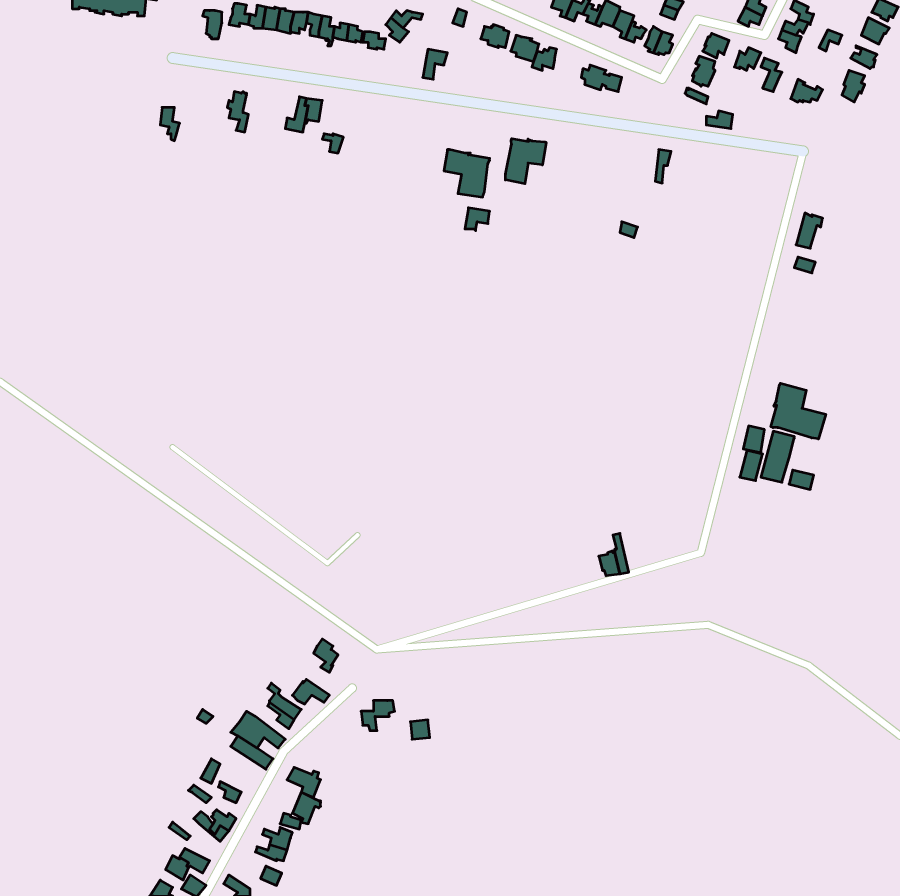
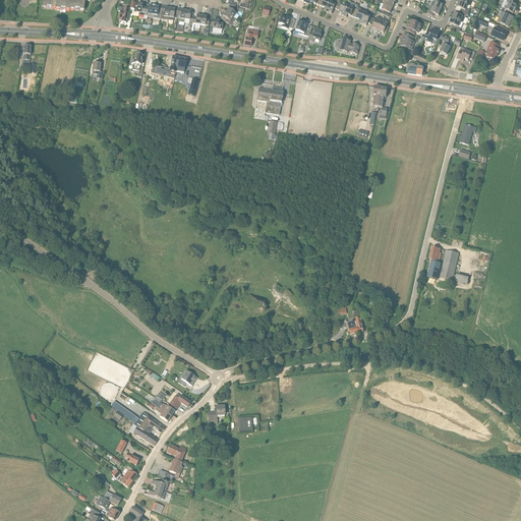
building: [505,139,546,184] -> none
building: [771,383,826,439] -> none

